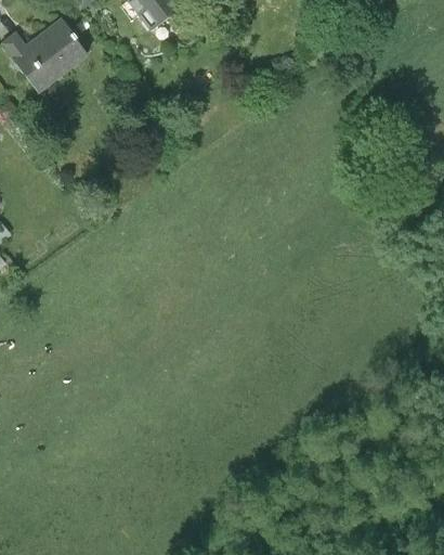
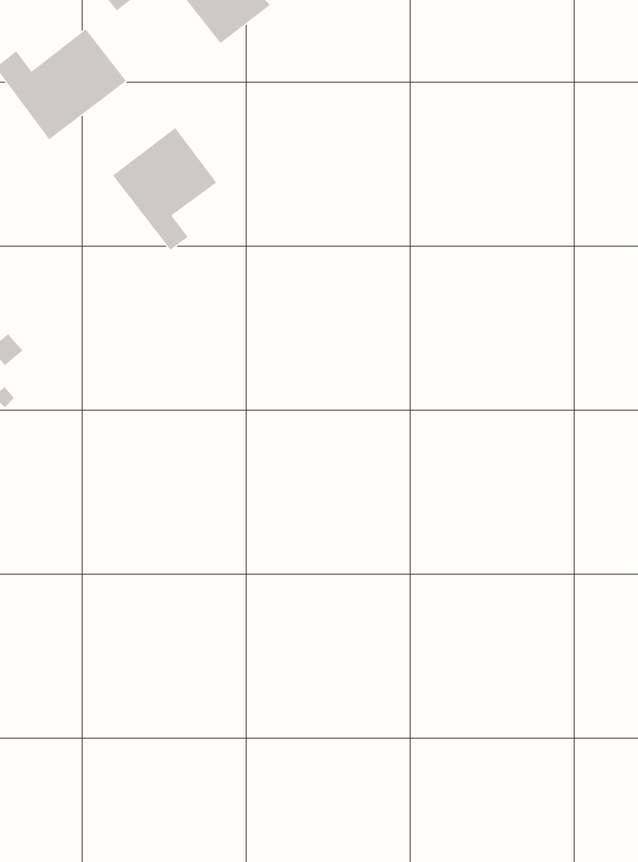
building: none -> [112,127,217,251]

